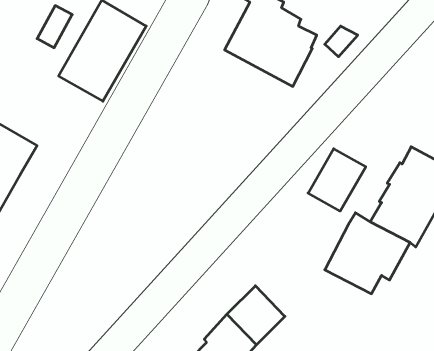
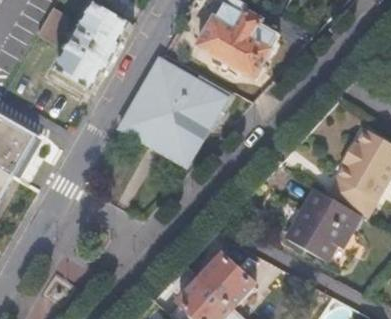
building: none -> [120,58,228,164]
building: [308,149,366,211] -> none

